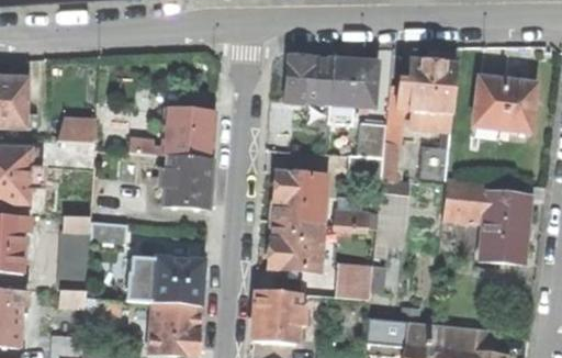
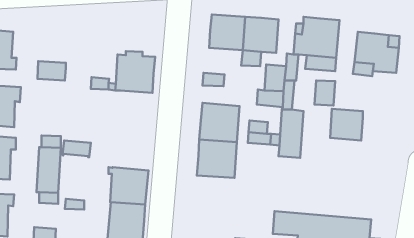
building: [158,156,210,209] -> none
building: [481,192,528,262] -> none
building: [128,256,156,303] -> none
building: [335,261,373,300] -> none
building: [251,291,322,343] -> none

